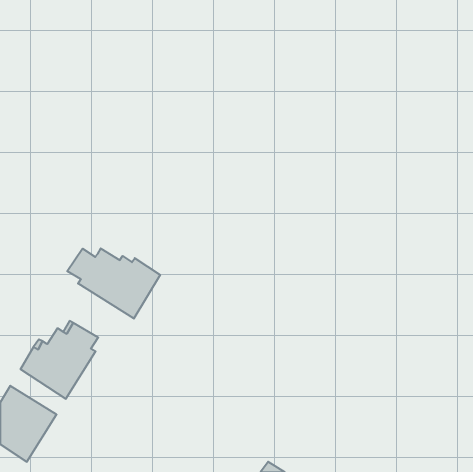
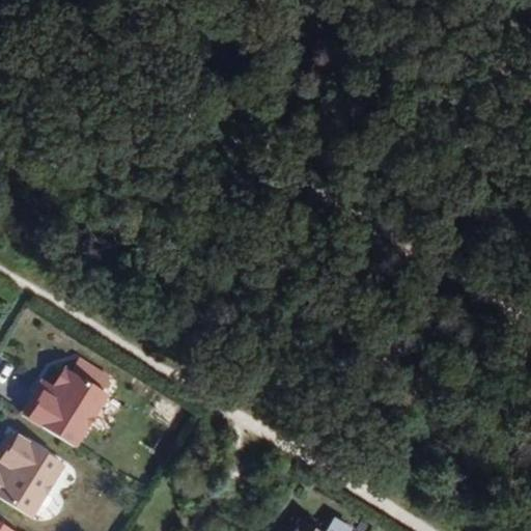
building: [67,248,160,319] -> none

